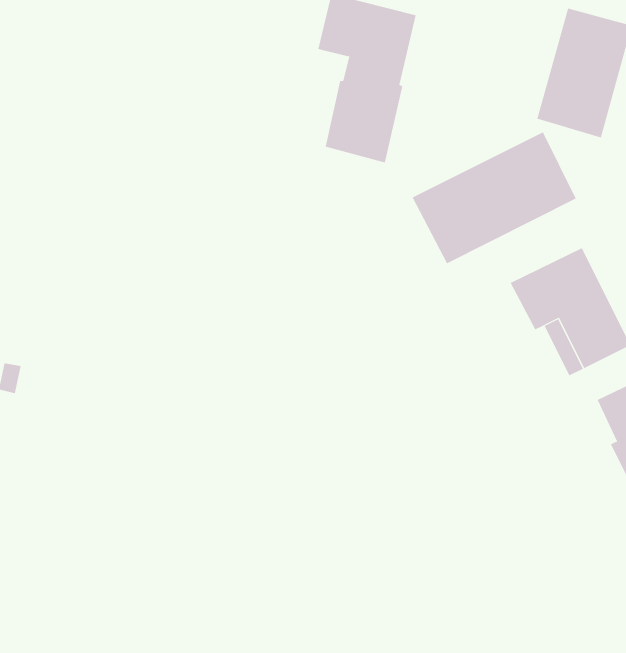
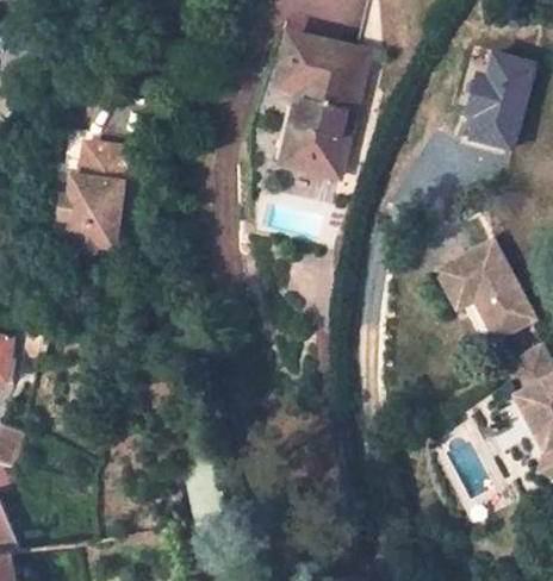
building: none -> [68,142,136,248]
building: [412,132,576,264] -> none

